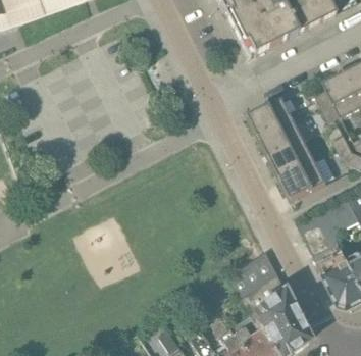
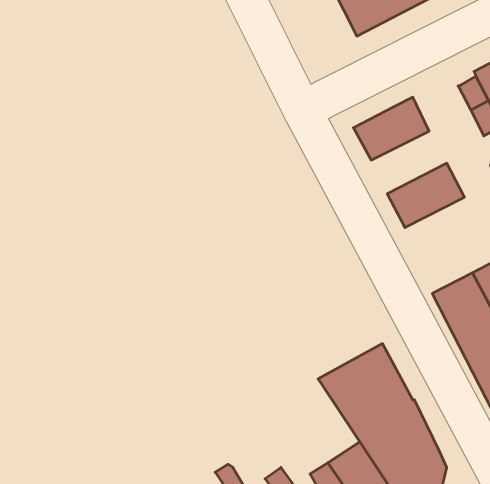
building: [259,117,307,157] -> none
building: [280,159,328,199] -> none

